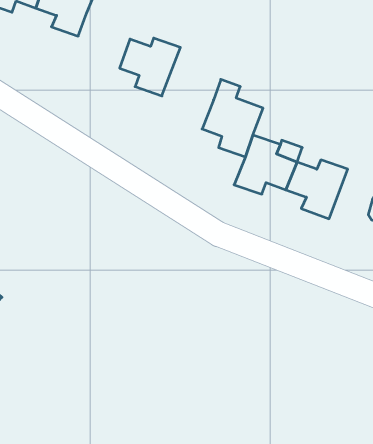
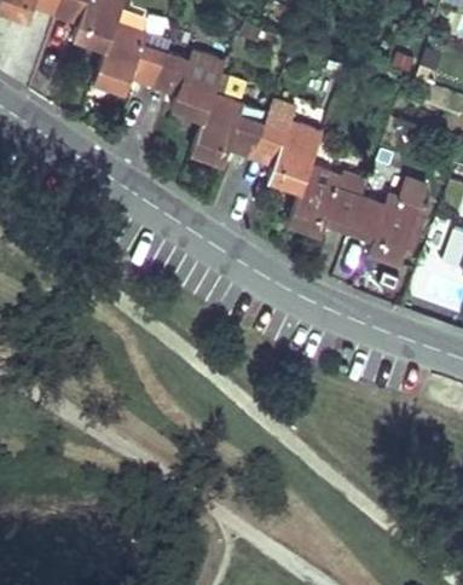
building: none -> [94,23,166,93]
building: none -> [191,94,264,163]

